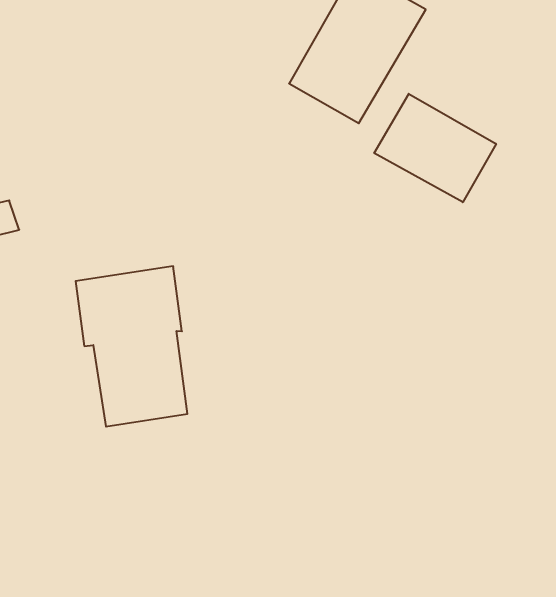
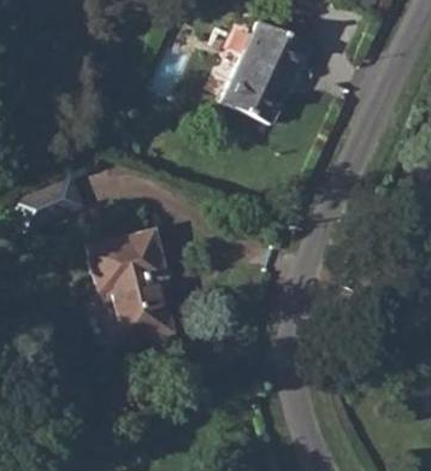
building: [374,94,496,202] -> none

